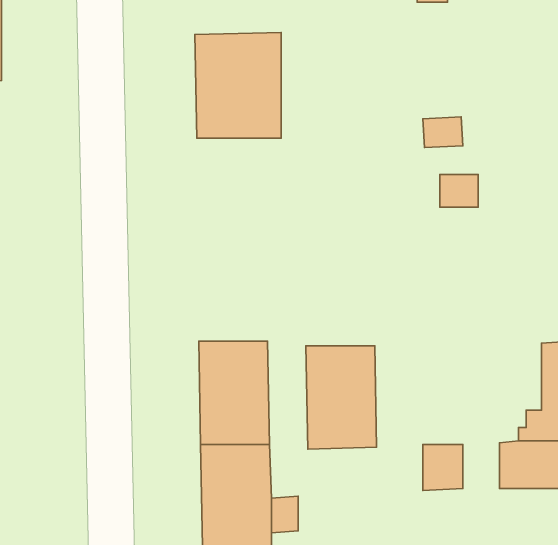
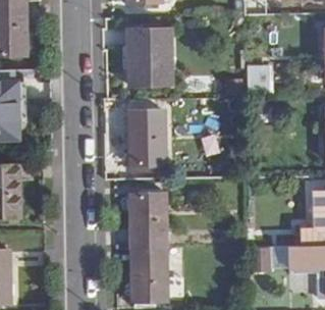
building: [306,346,377,449] -> [128,110,166,165]

